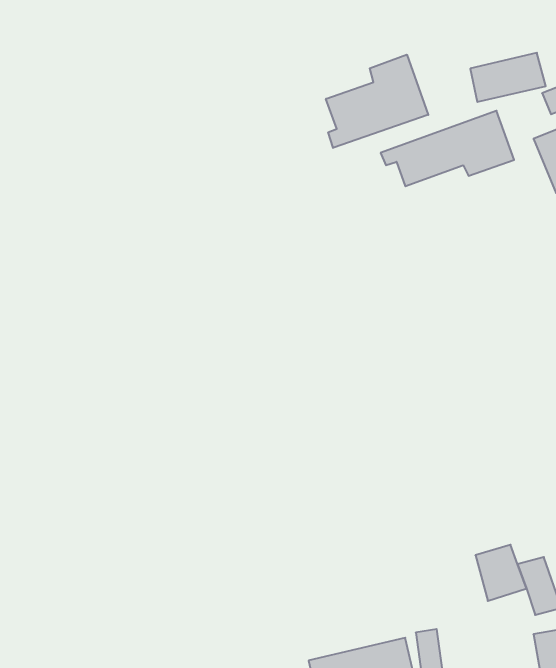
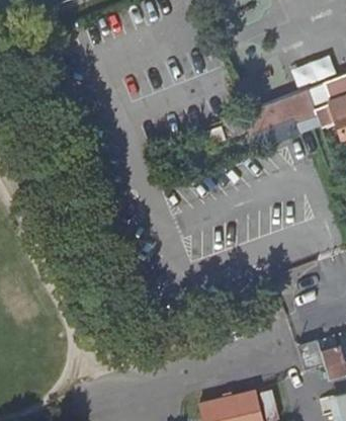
building: [326,55,428,148] -> none

